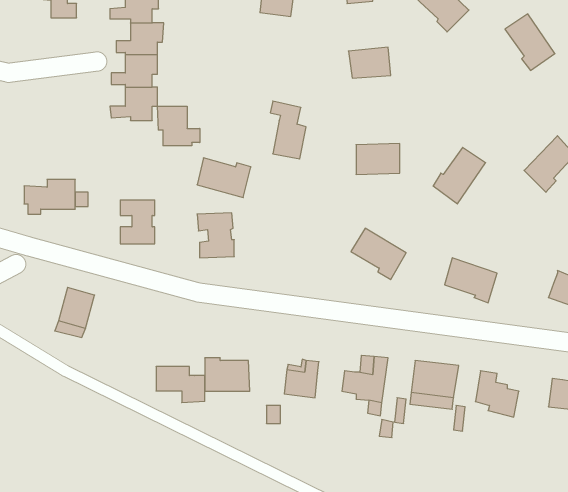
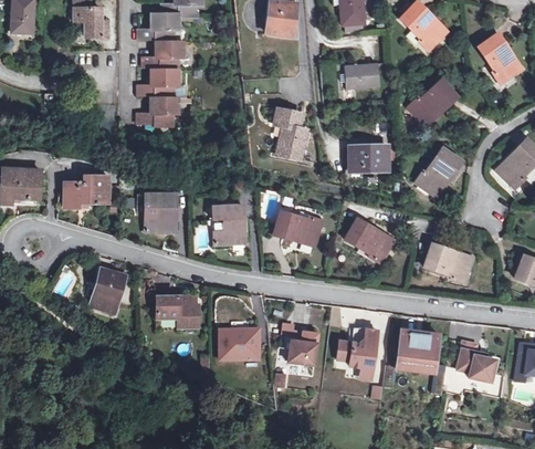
building: none -> [409,80,458,125]
building: [157,106,200,146] -> none
building: [197,158,251,198] -> [275,211,322,246]
building: [156,367,205,403] -> [157,296,199,327]

